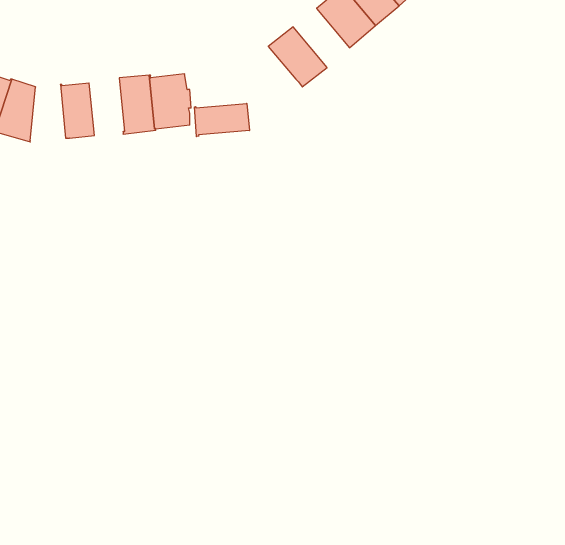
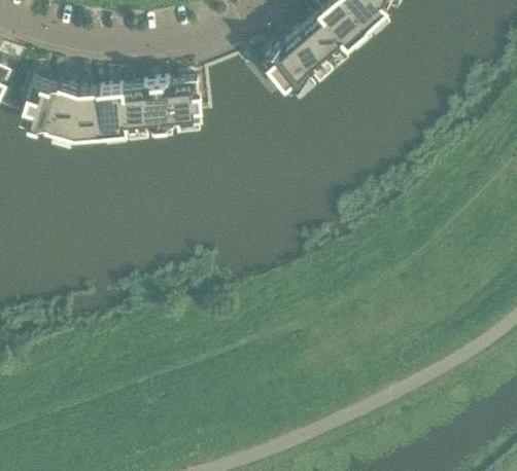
building: none -> [279,33,323,79]
building: none -> [118,87,146,133]
building: none -> [72,93,101,138]
building: [195,103,249,137] -> none

